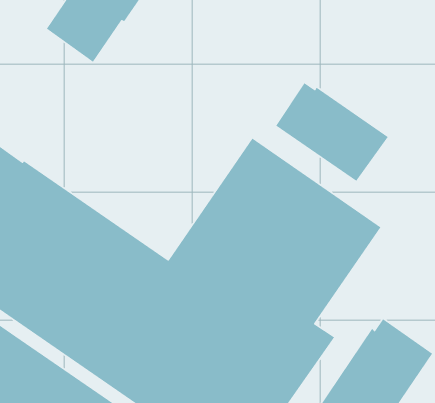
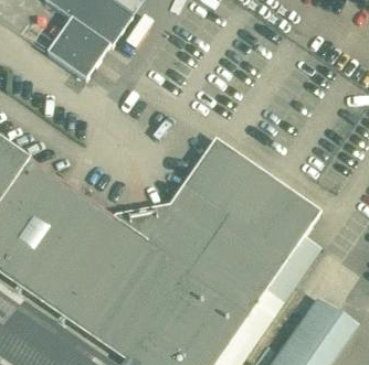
building: [275,82,389,182] -> none

